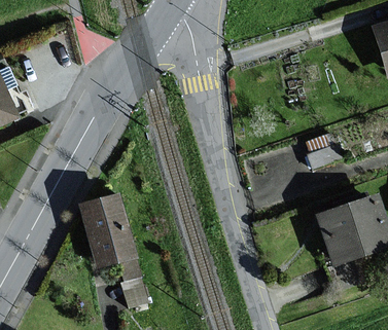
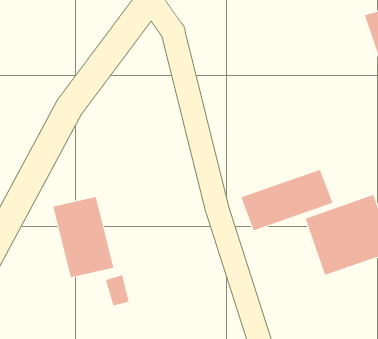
building: none -> [240,169,333,231]

